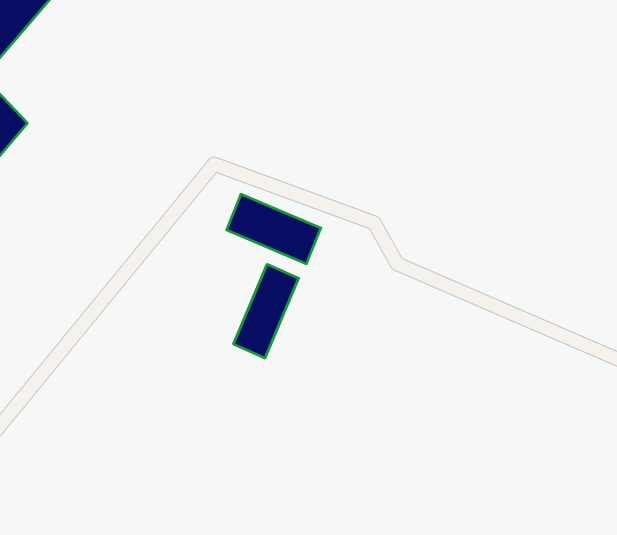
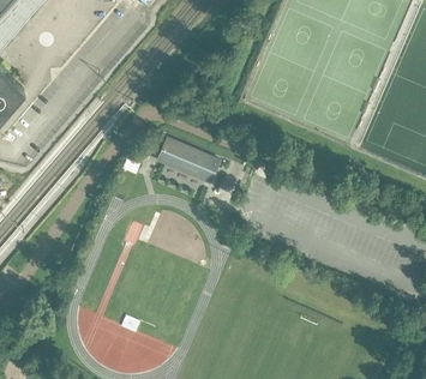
building: [234,264,299,358] -> none

